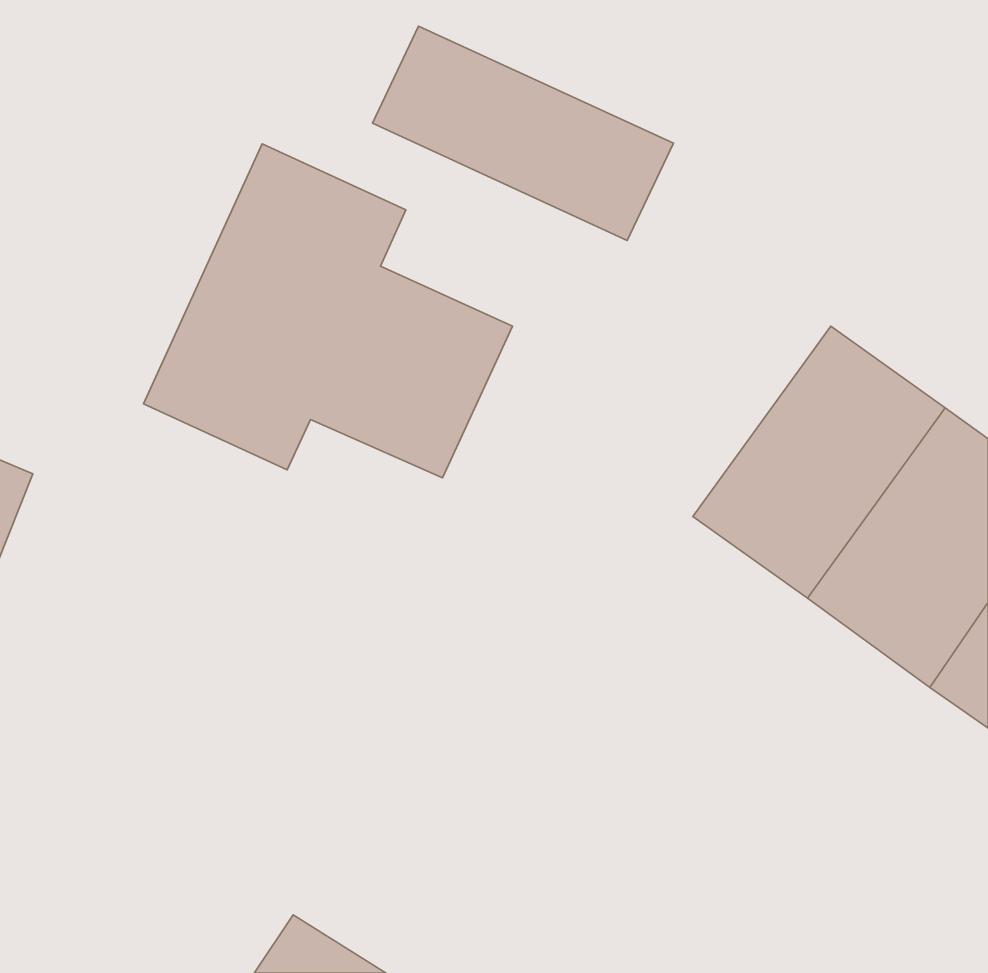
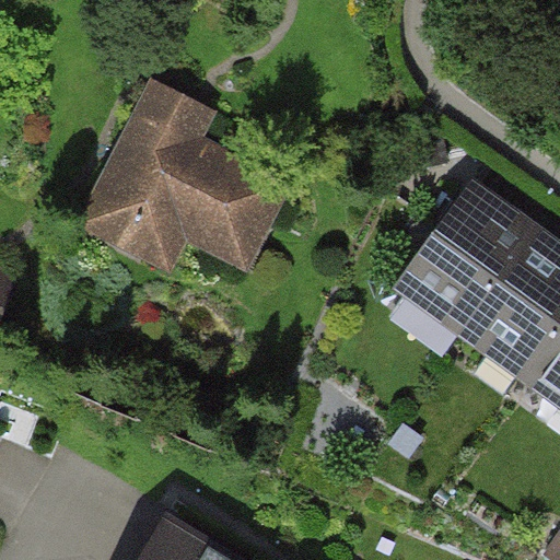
building: [372,26,673,240] -> none

